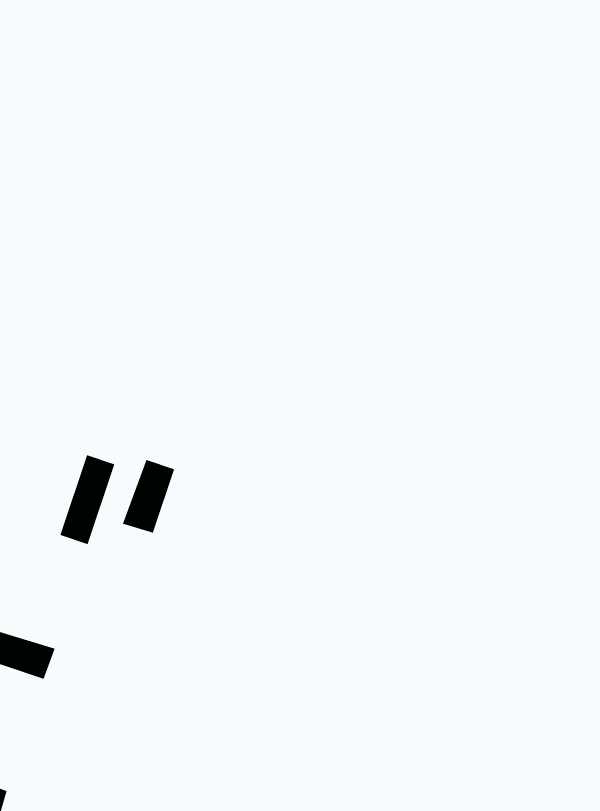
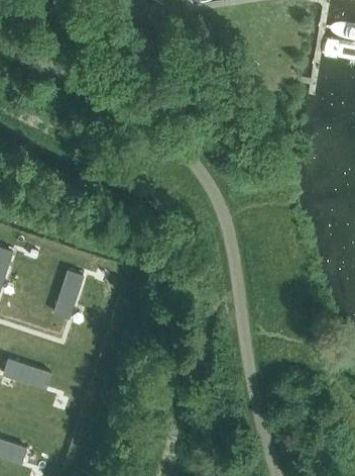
building: [122,459,175,533] -> none

